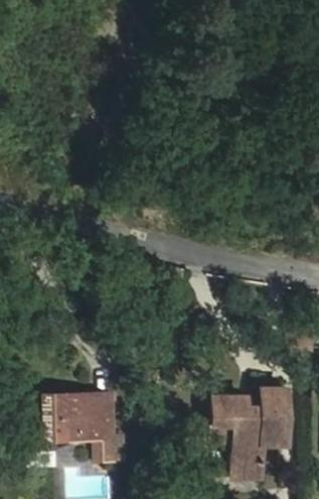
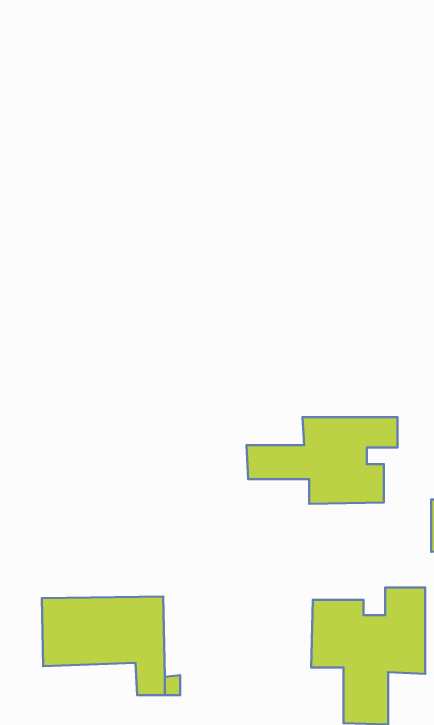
building: none -> [246,417,397,504]

